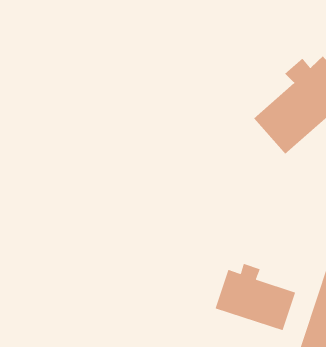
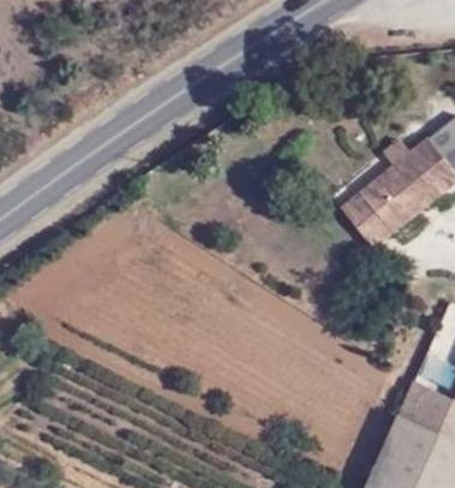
building: [215,263,296,331] -> none

